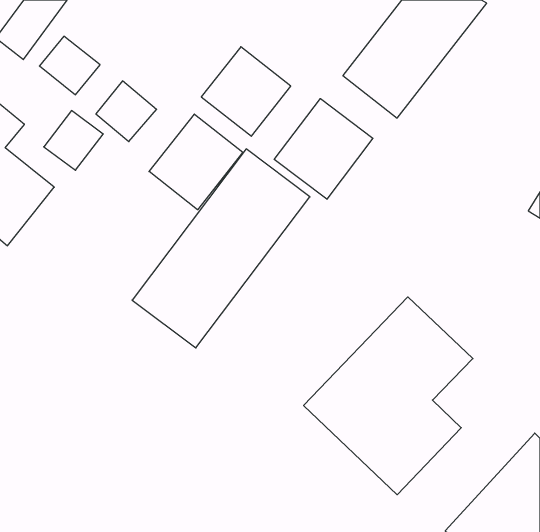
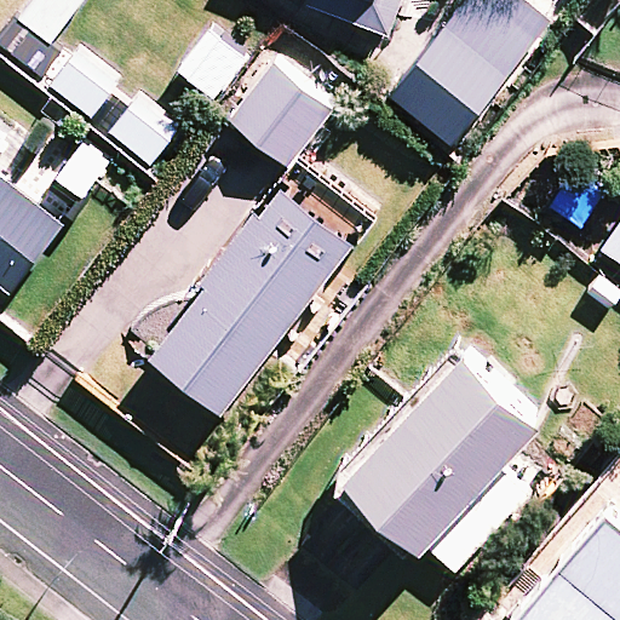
building: [274,99,373,199] -> none
building: [149,114,243,210] -> none

